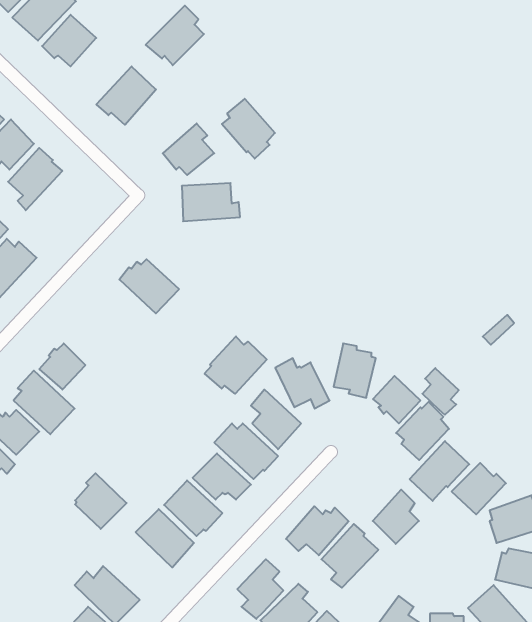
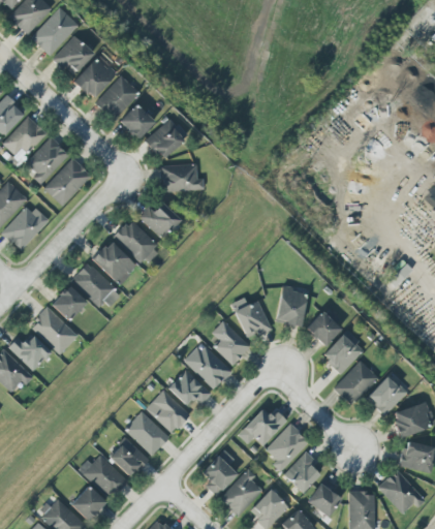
building: [146,6,204,65] -> [72,52,117,97]
building: [222,99,275,159] -> none
building: none -> [119,103,154,138]
building: none -> [42,157,91,206]
building: none -> [138,201,180,239]
building: none -> [91,242,135,281]
building: none -> [70,263,119,307]
building: [205,336,267,394] -> none
building: [422,368,459,415] -> none
building: [75,473,127,529] -> [108,436,148,478]
building: [373,490,419,544] -> [284,450,319,492]

